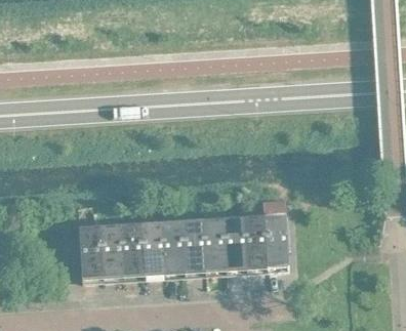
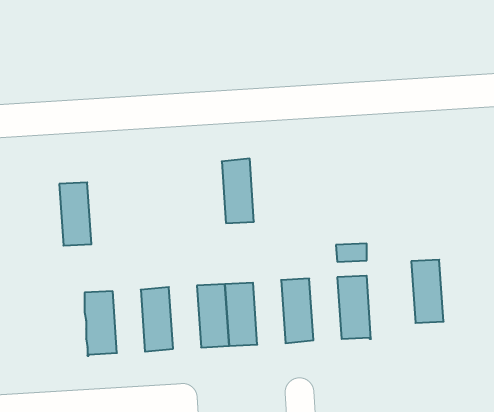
building: [243,220,267,266] -> [411,260,444,323]
building: [202,222,226,270] -> [222,159,254,223]
building: [140,226,164,273] -> none
building: [99,230,123,276] -> [59,182,91,246]

